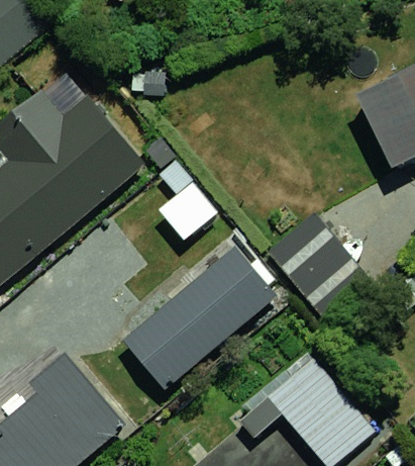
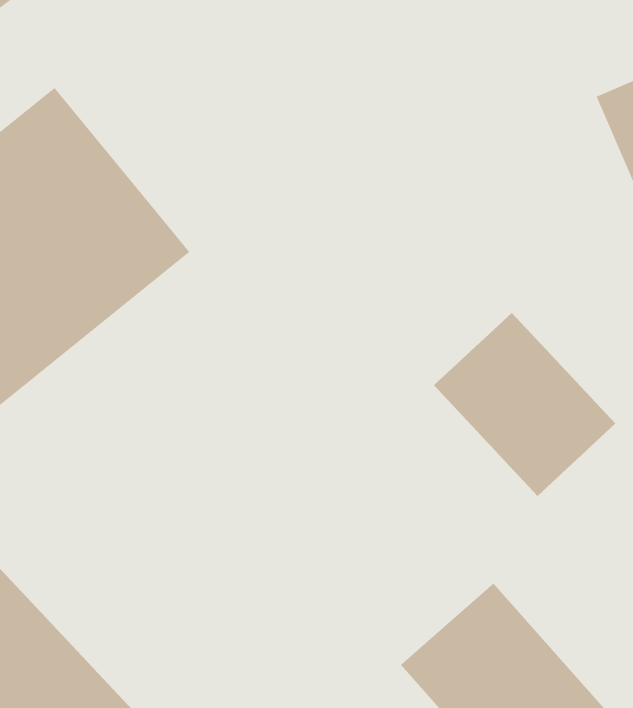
building: [119,242,281,390] -> none

